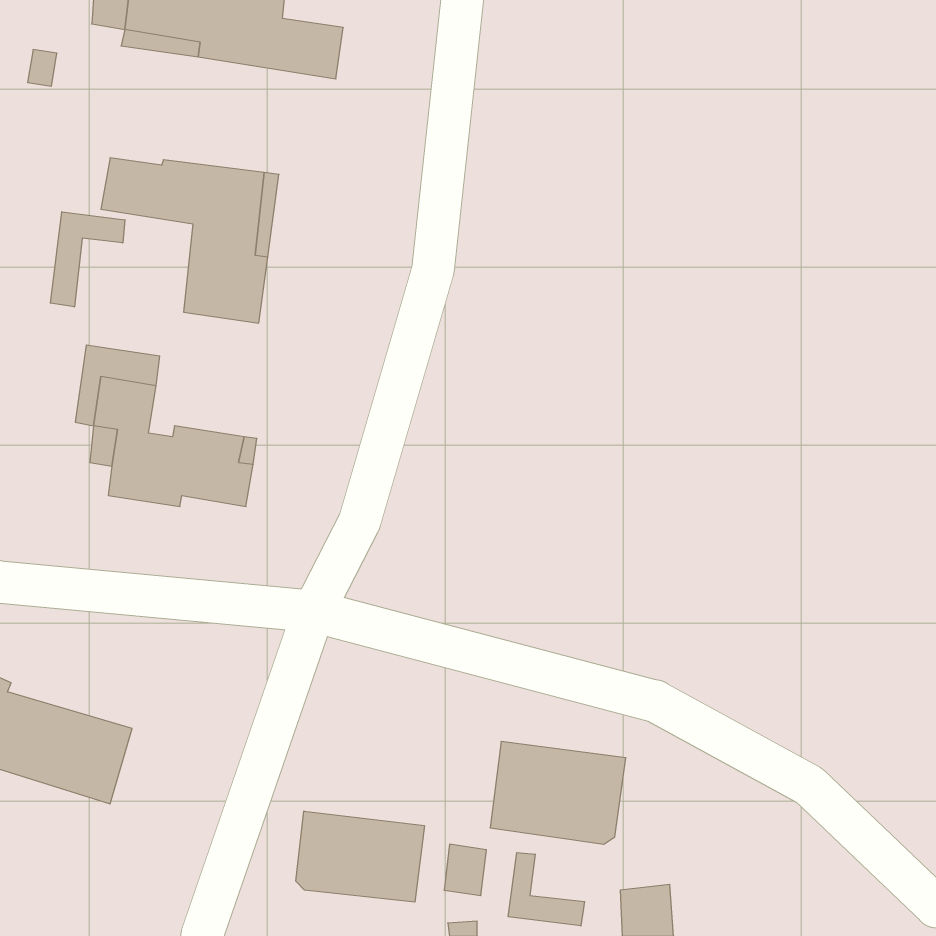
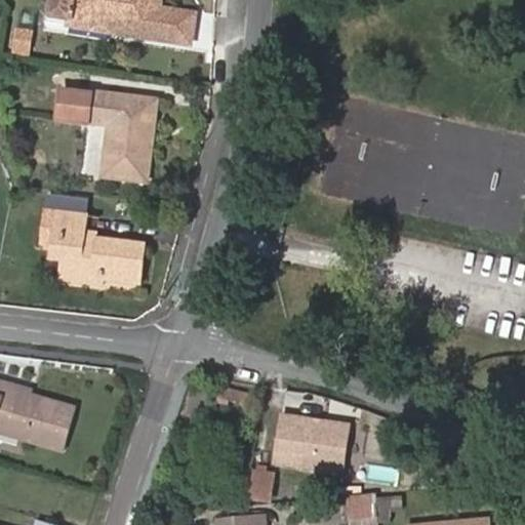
building: [51,212,125,307] -> none
building: [296,811,424,902] -> none
building: [508,853,585,926] -> none

